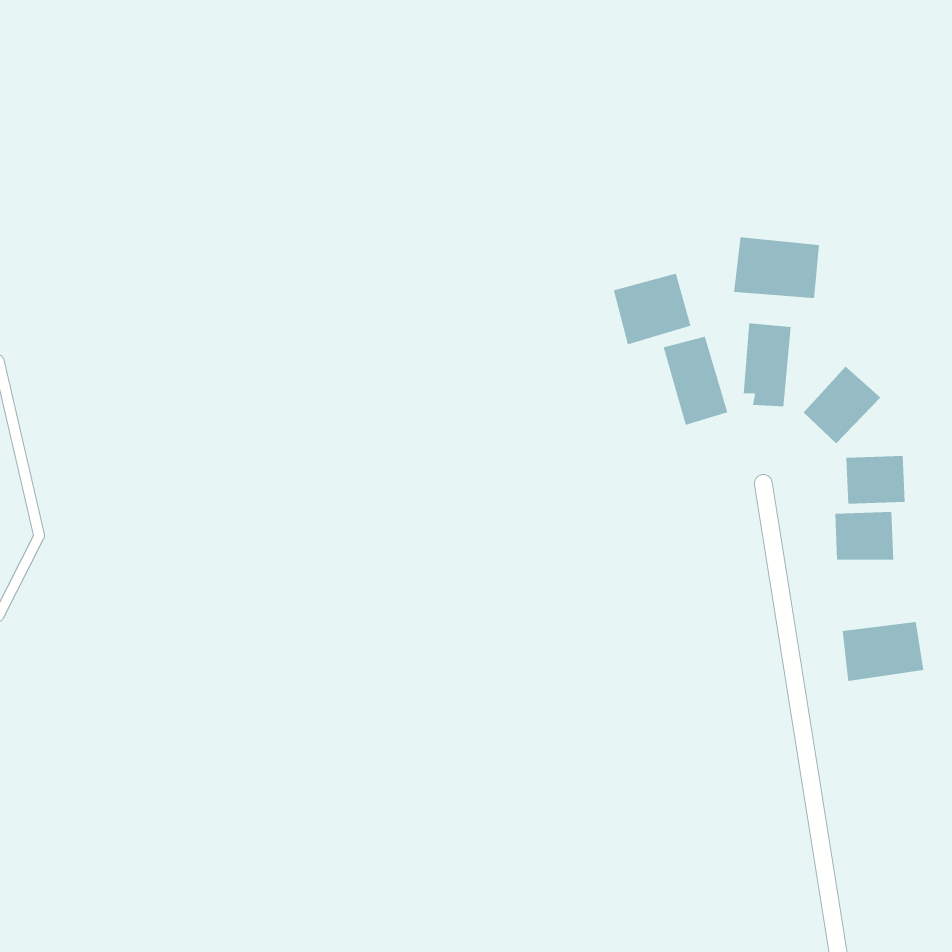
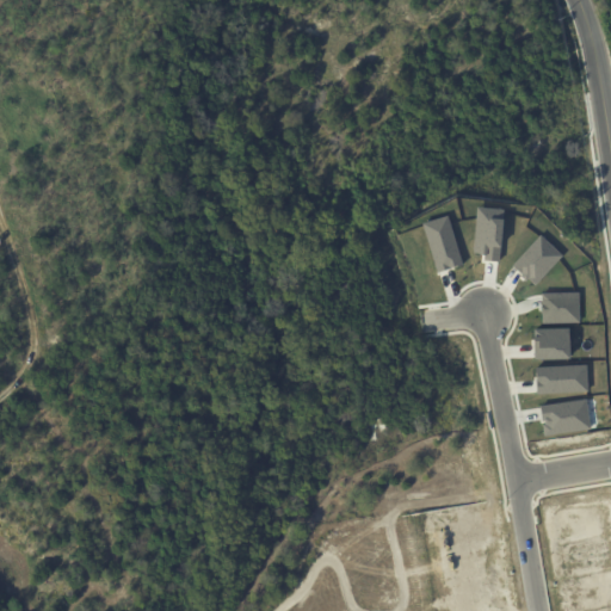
building: [734,236,819,299] -> none
building: [613,273,691,345] -> none
building: none -> [535,364,588,394]

